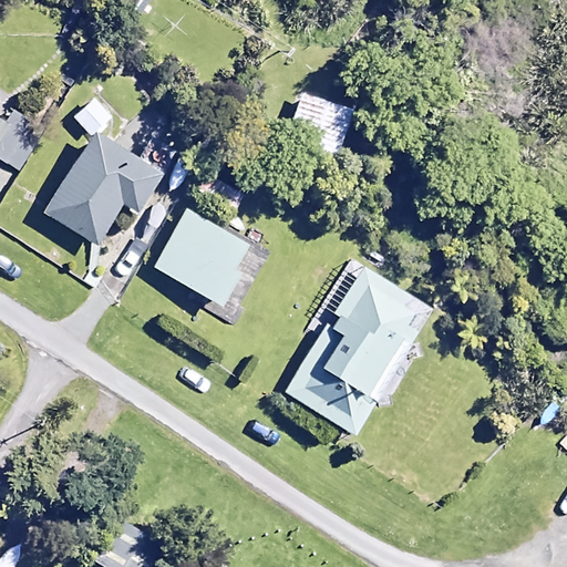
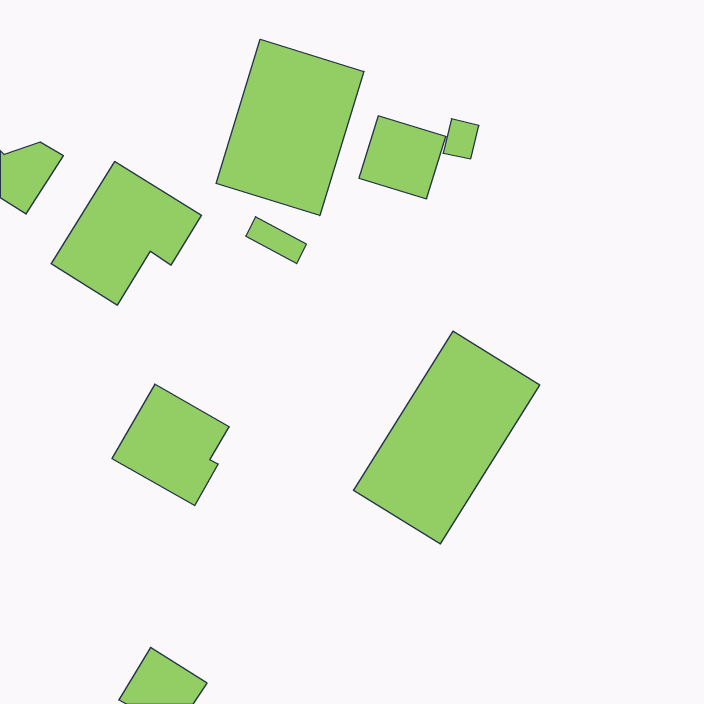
building: none -> [216,39,364,216]
building: [153,207,247,305] -> [112,384,229,506]

